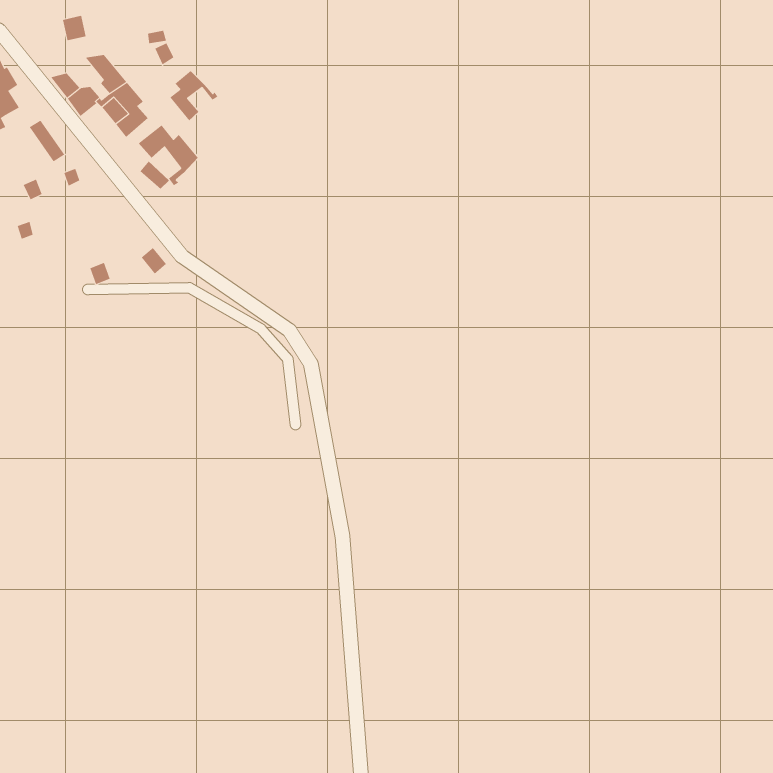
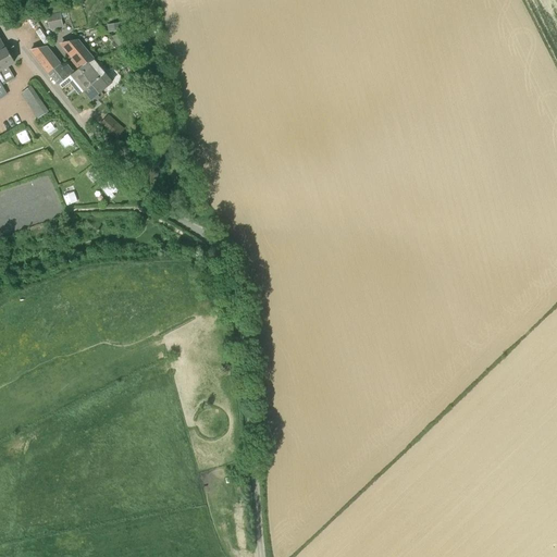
building: [170,70,218,121] -> none
building: [138,124,198,186] -> none

